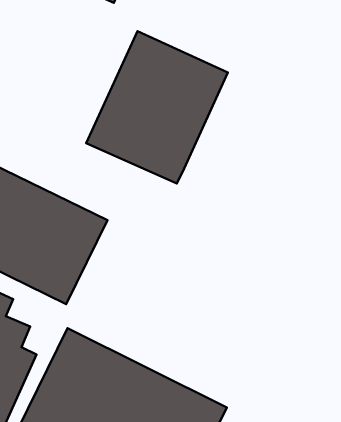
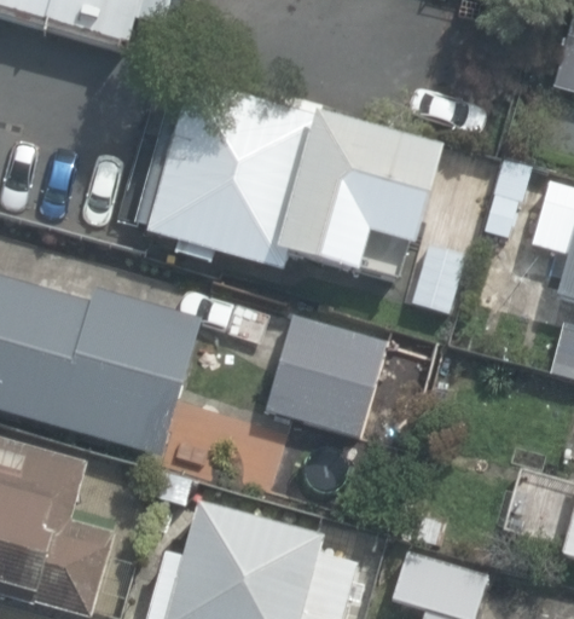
building: none -> [279,126,451,290]
building: none -> [238,296,392,445]

